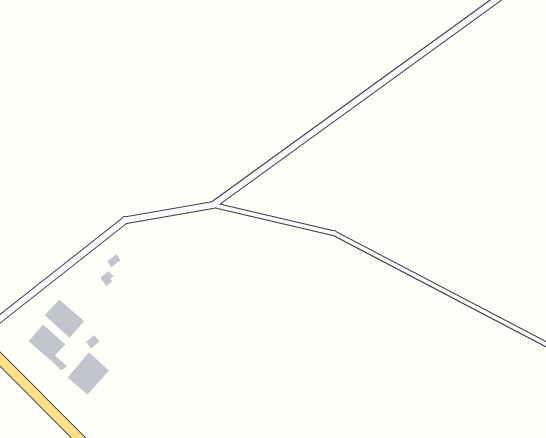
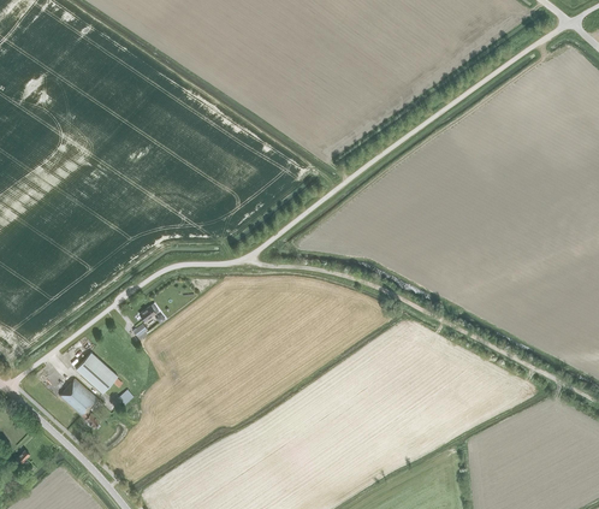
building: [67,352,110,395] -> none

